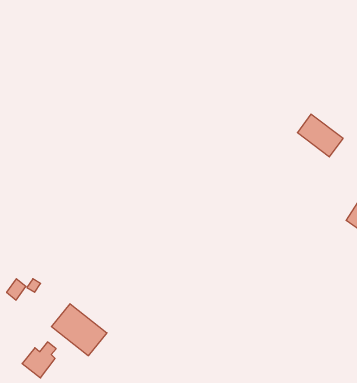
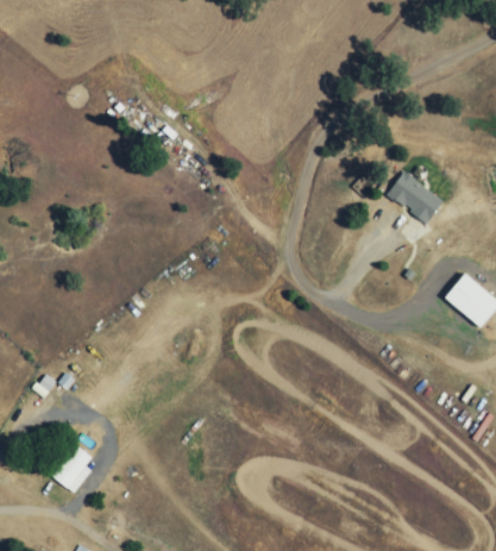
building: [51,304,107,356] -> none

